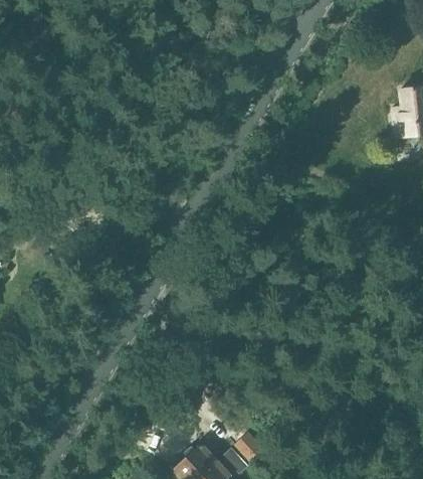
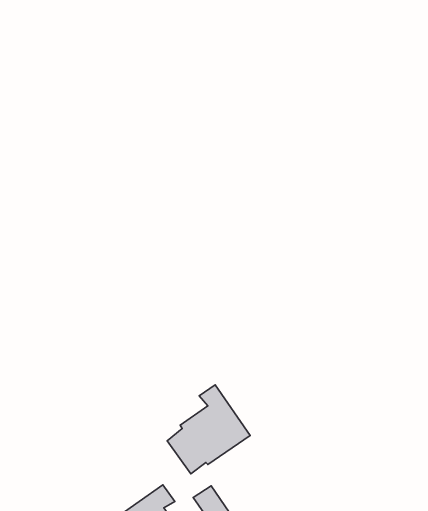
building: none -> [167,385,250,474]

